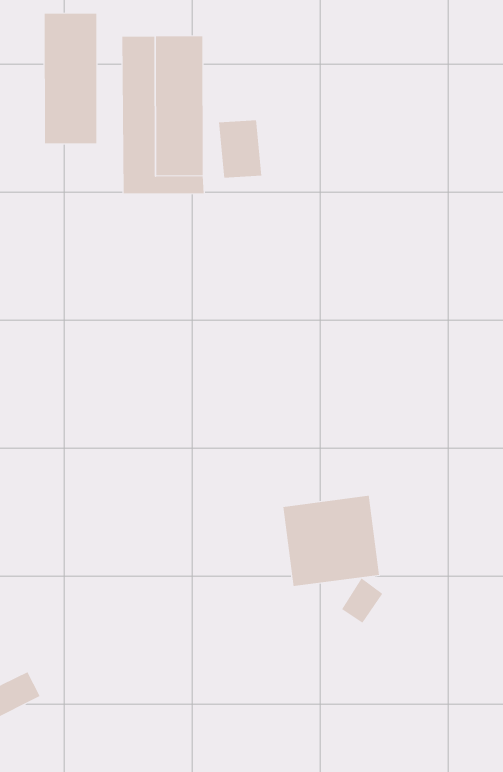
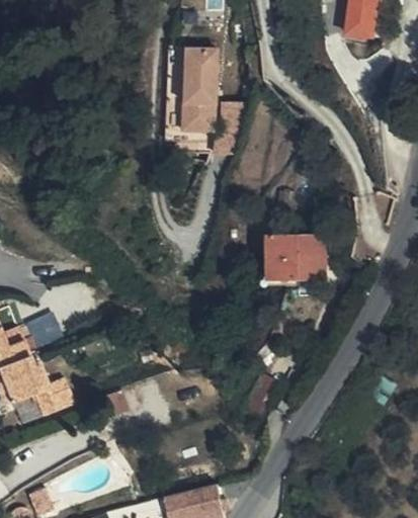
building: [44,13,97,144] -> none
building: [282,495,380,587] -> [272,241,324,288]

